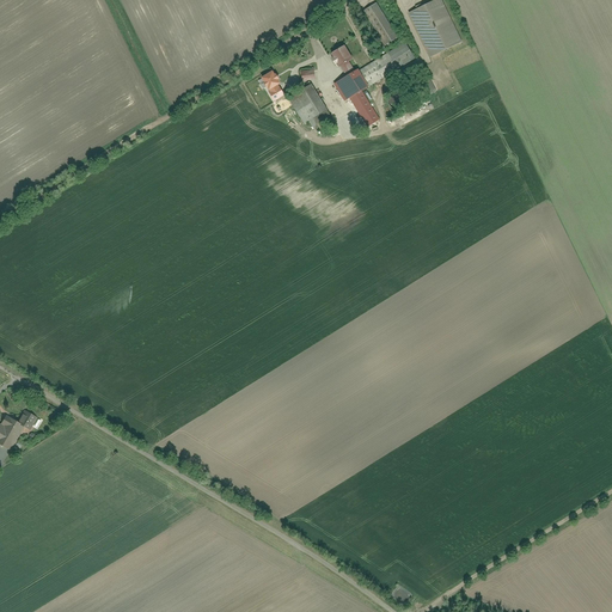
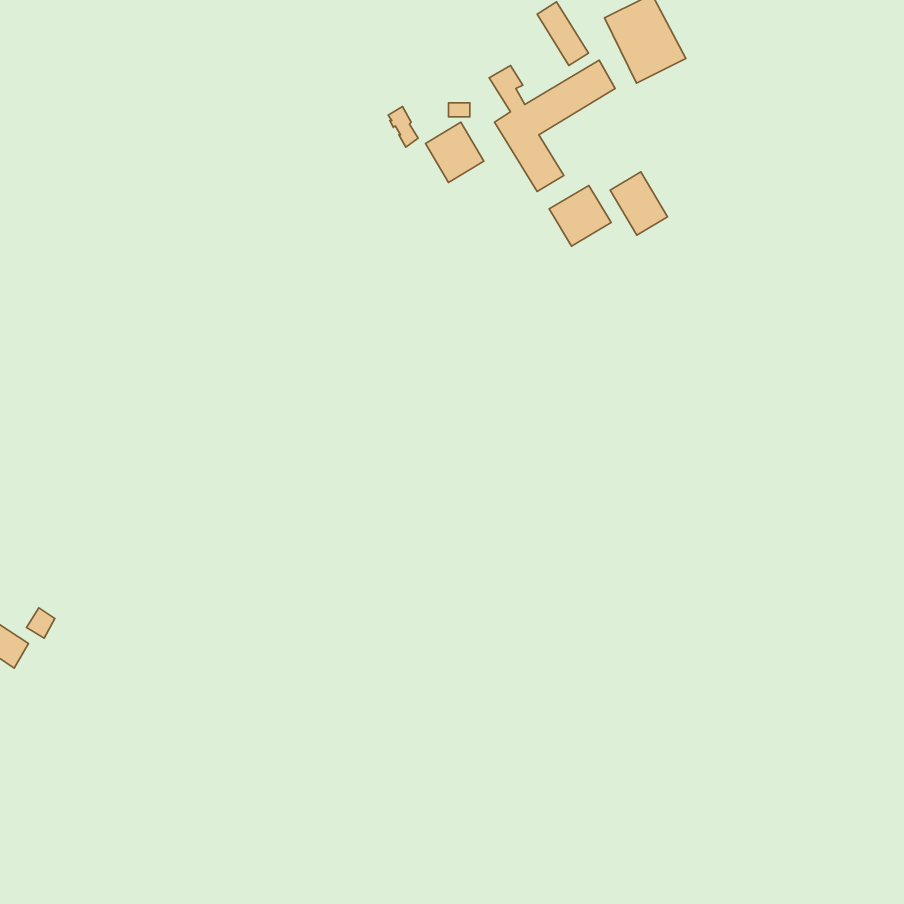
building: none -> [610,172,668,235]
building: none -> [549,185,611,246]

